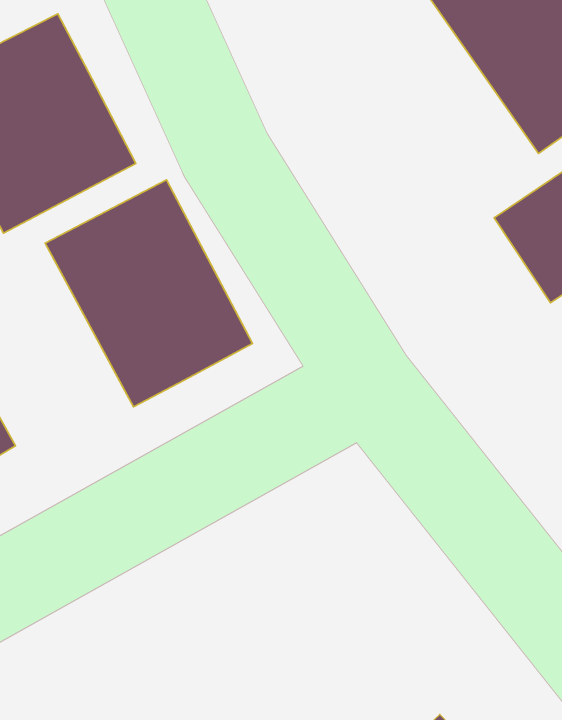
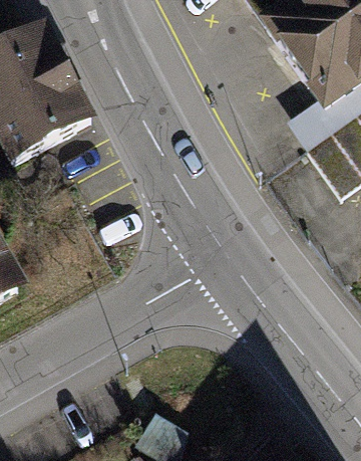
building: [45,180,252,407] -> none

